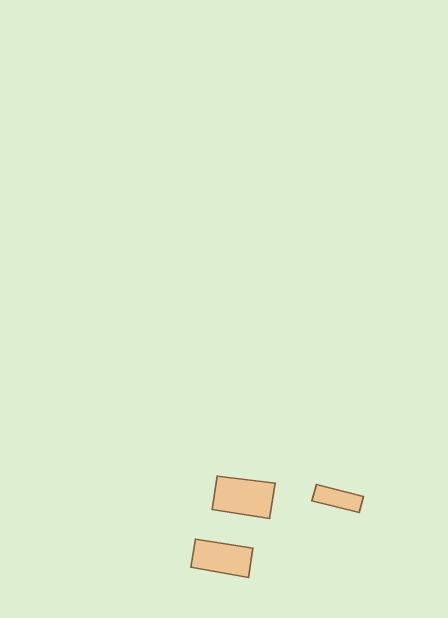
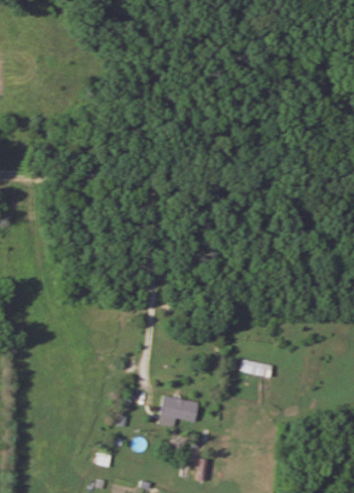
building: [212,476,275,518] -> none

